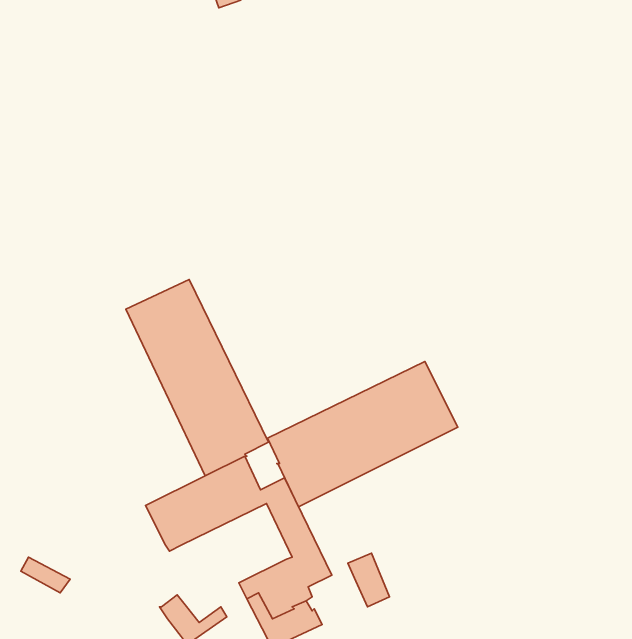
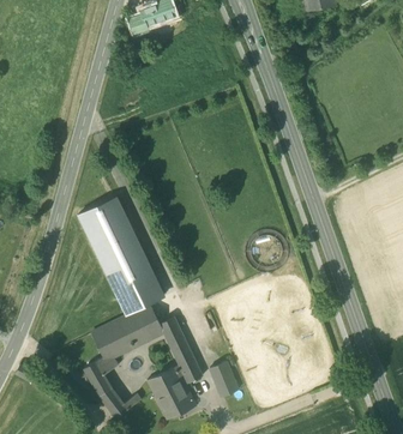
building: [268,362,458,507] -> none
building: none -> [83,357,118,394]

